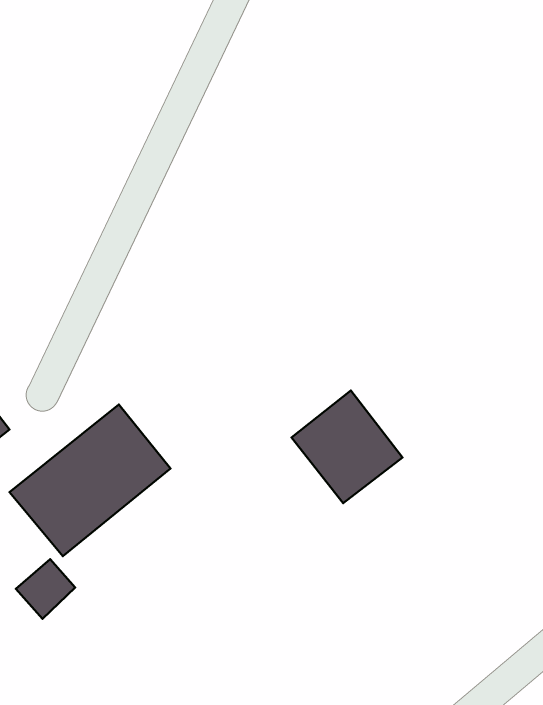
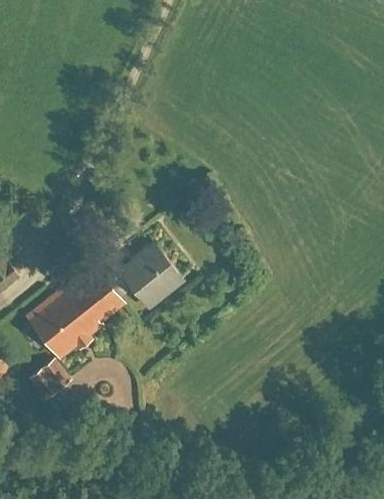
building: [292,390,403,503] -> [116,236,187,309]

